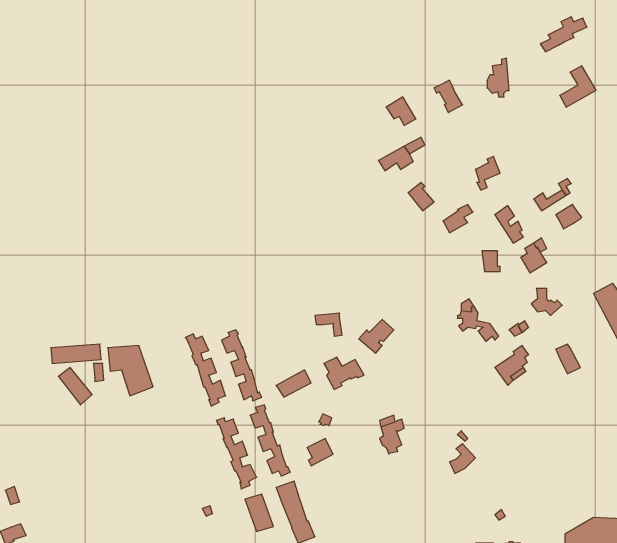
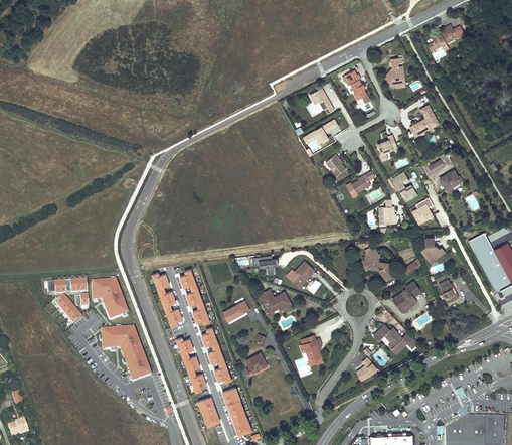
building: [560,66,596,107] -> [409,103,438,135]
building: none -> [374,324,417,352]
building: none -> [102,328,150,381]

